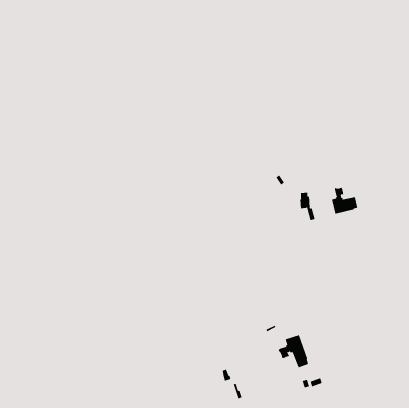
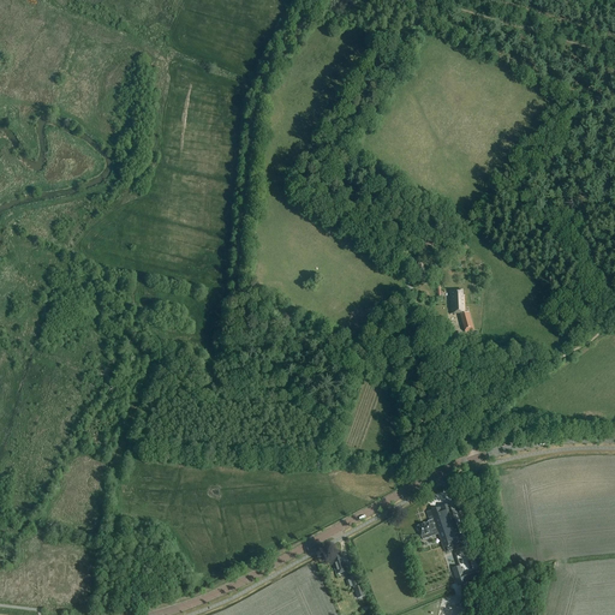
building: [331,187,358,214] -> none

